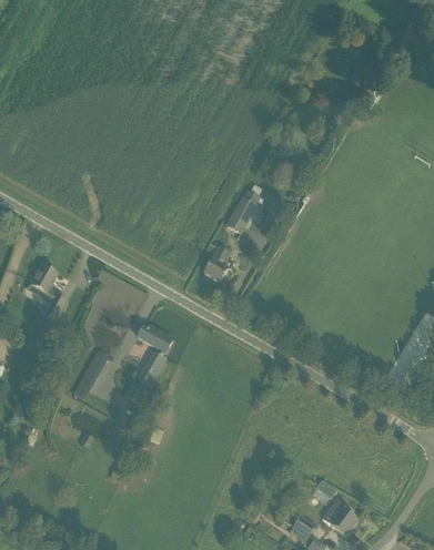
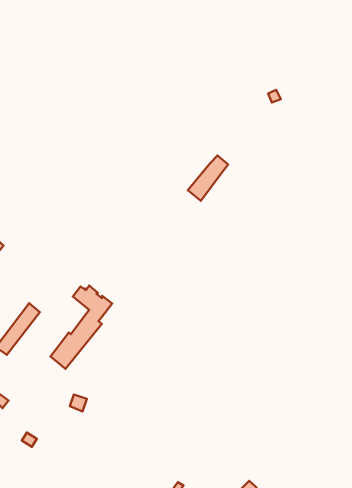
building: [204,244,230,281] -> none

